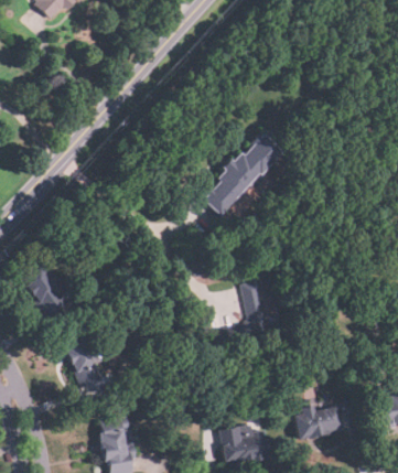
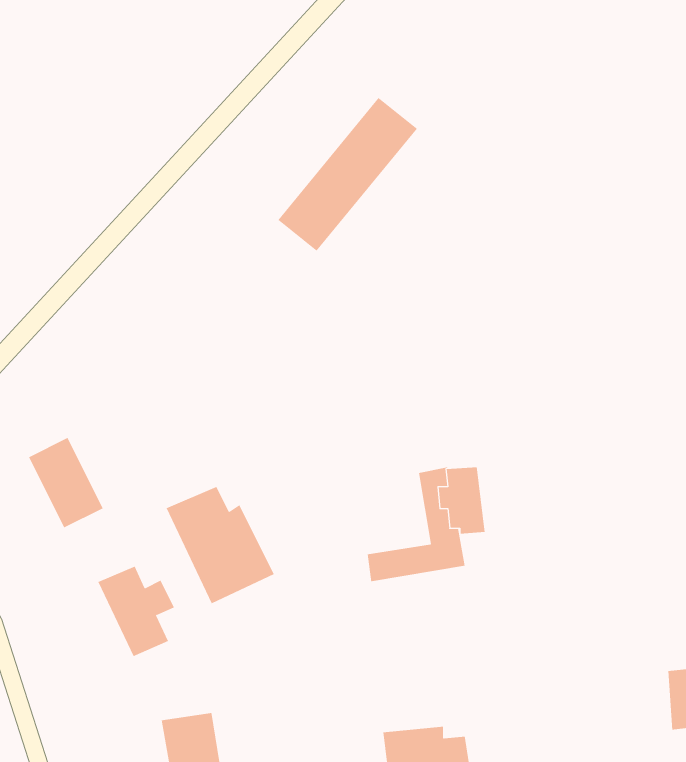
building: [202,131,280,217] -> [277,97,418,252]
building: none -> [166,486,274,604]
building: [294,407,341,440] -> none

